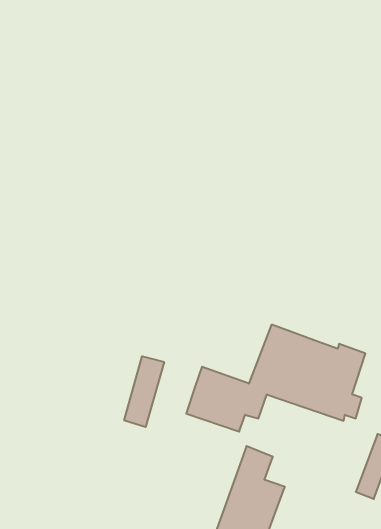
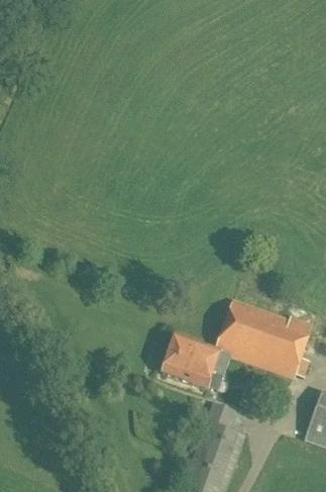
building: [124,356,164,427] -> none

